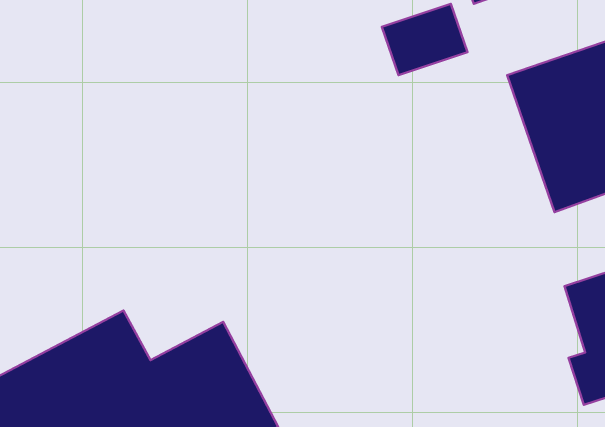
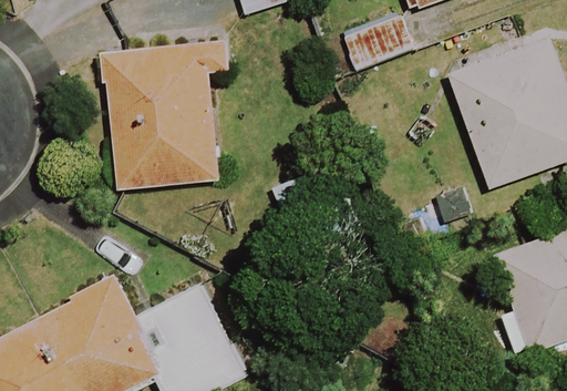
building: none -> [105,44,220,191]

